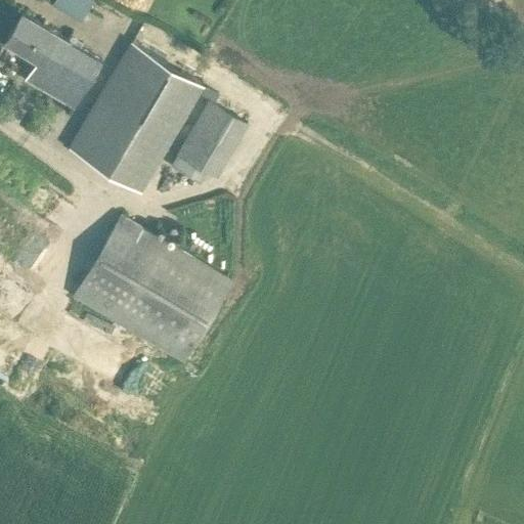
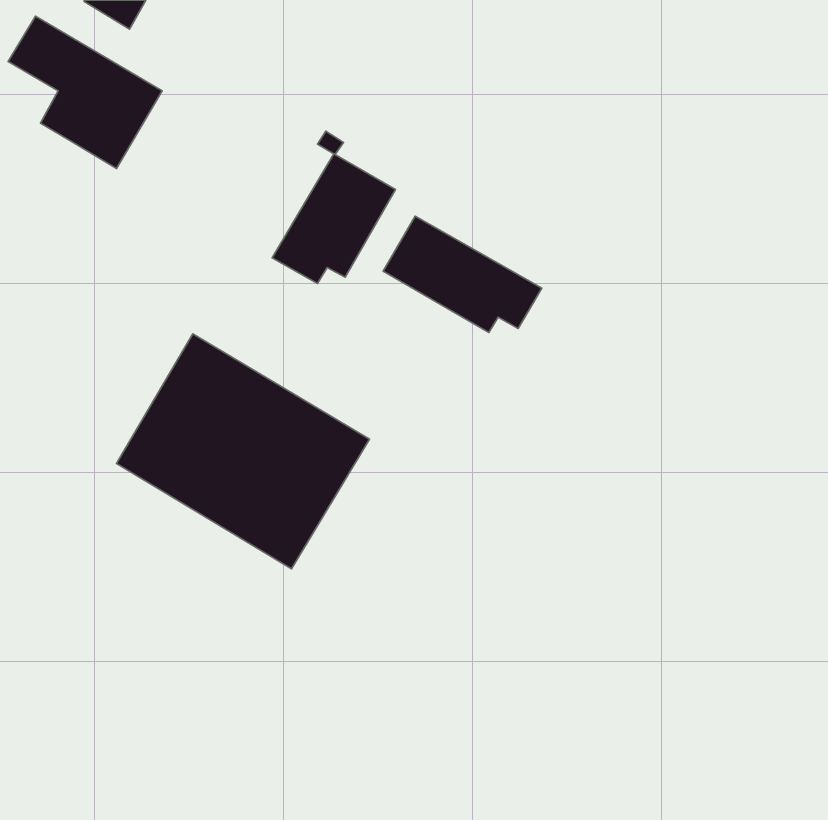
building: [70,43,201,189] -> none
building: none -> [383,216,542,333]

